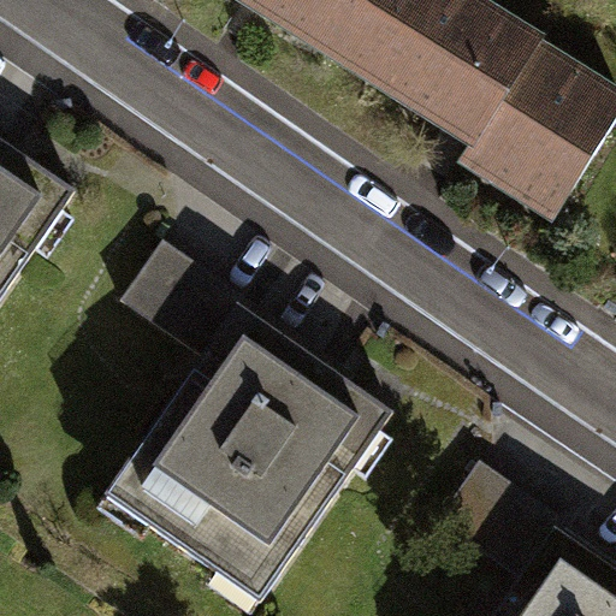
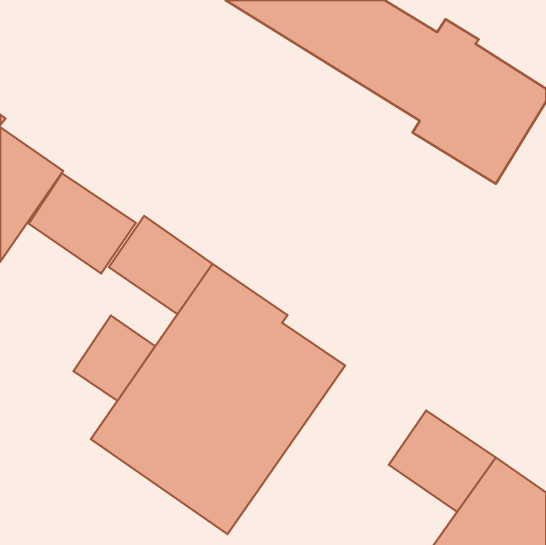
building: none -> [28,173,136,273]
building: none -> [73,316,155,401]

